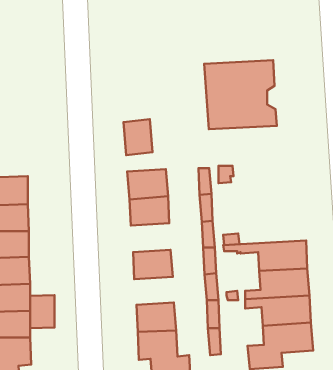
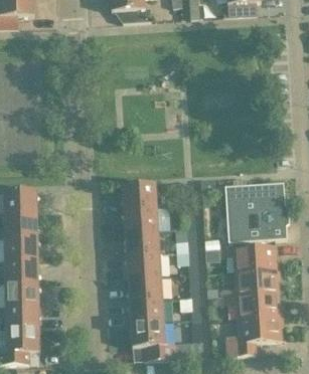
building: [204,60,277,129] -> [224,183,287,242]
building: [123,119,153,155] -> none
building: none -> [125,230,159,255]
building: none -> [128,276,162,301]
building: [30,295,54,328] -> none

